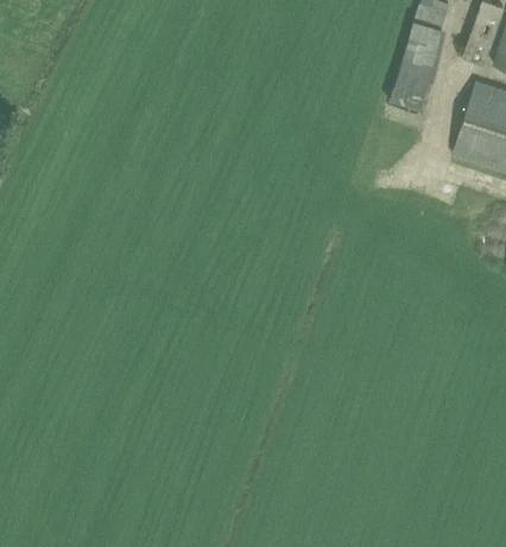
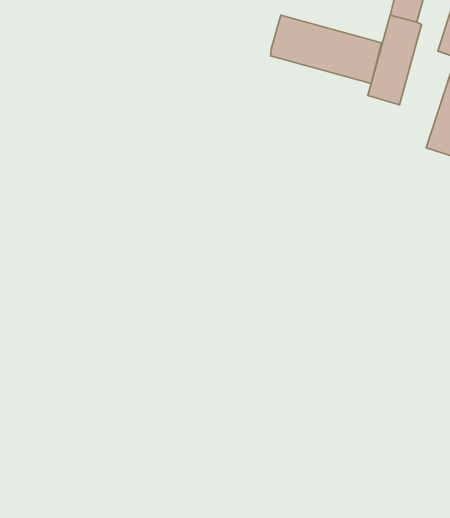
building: none -> [271,15,382,84]

